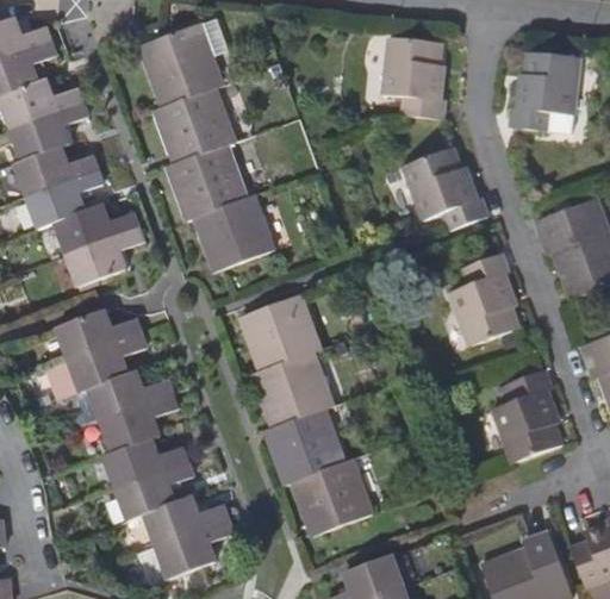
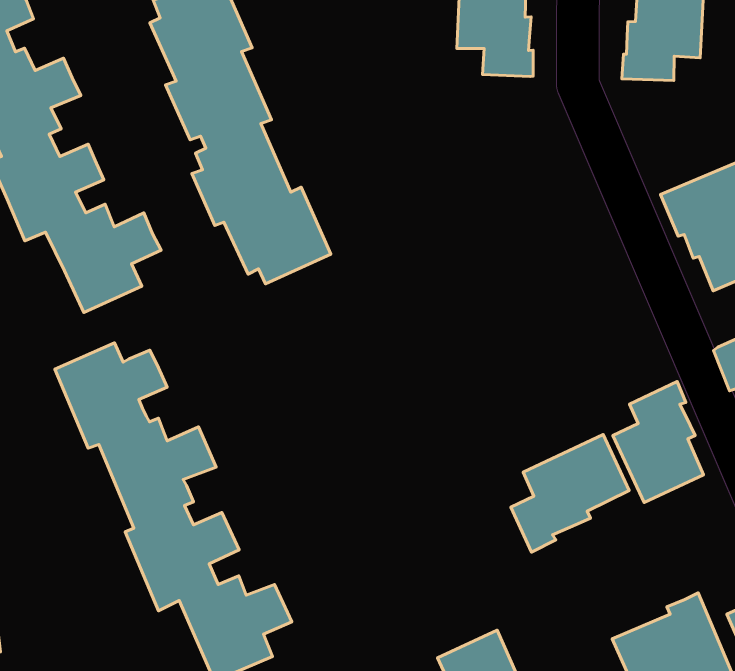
building: [403,150,488,231] -> none
building: [449,254,518,347] -> none
building: [244,295,373,532] -> none
building: none -> [511,435,629,552]

